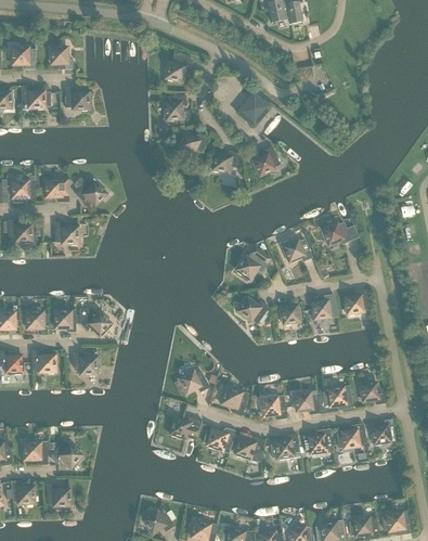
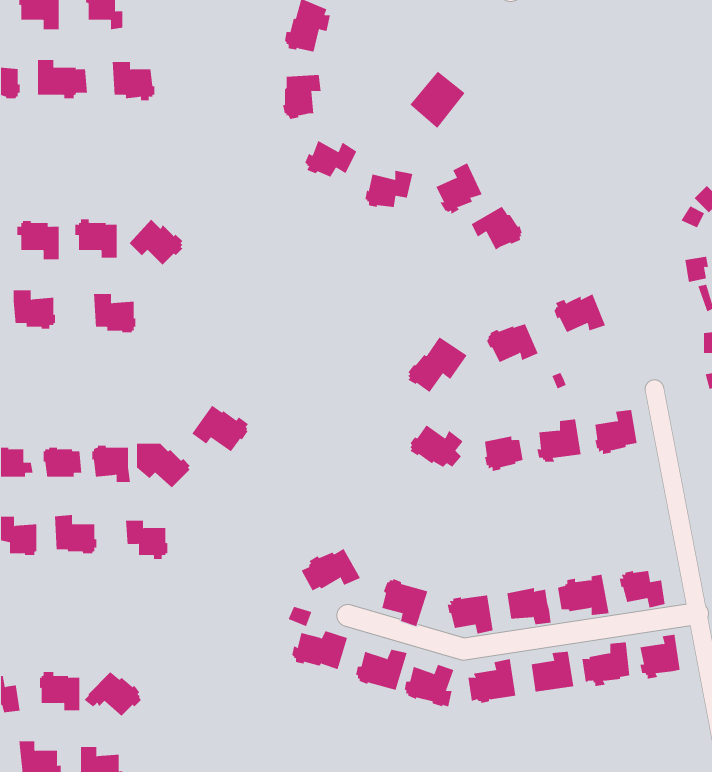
building: none -> [471,206,523,250]
building: none -> [191,405,249,452]

